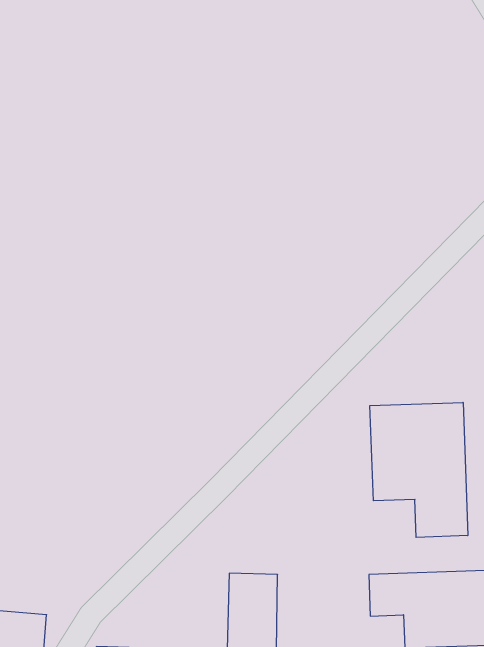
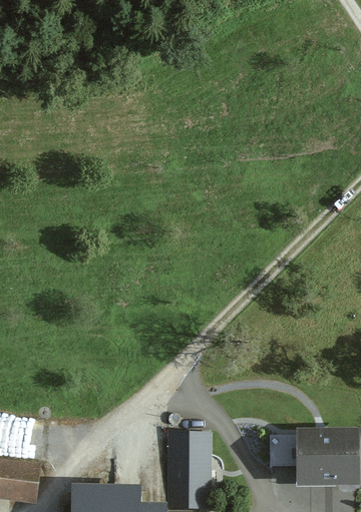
building: [370,402,468,537] -> none

